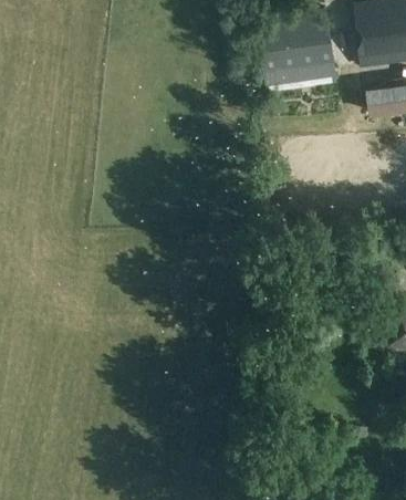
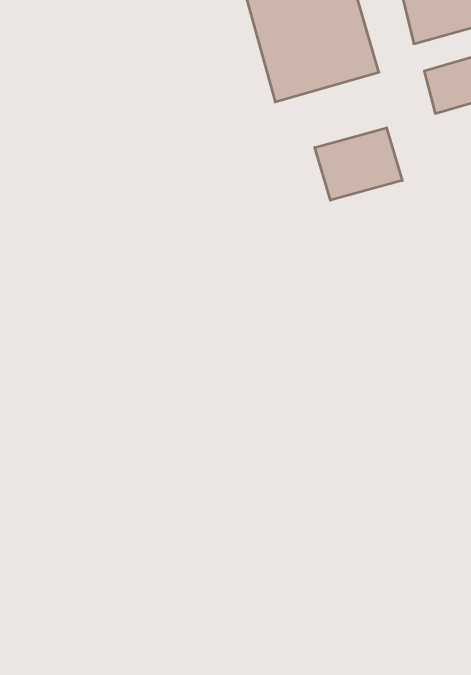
building: none -> [315,128,402,200]

